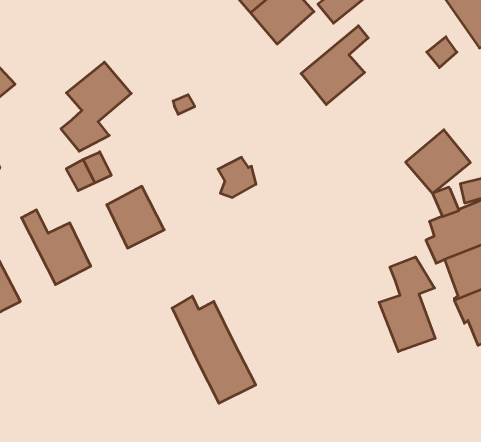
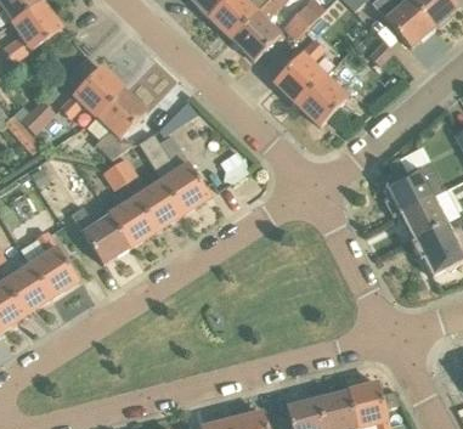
building: none -> [60,66,123,117]
building: [406,130,470,193] -> [297,75,346,125]
building: none -> [109,198,156,247]
building: [379,257,435,352] -> none
building: [172,296,256,403] -> [139,132,209,213]

